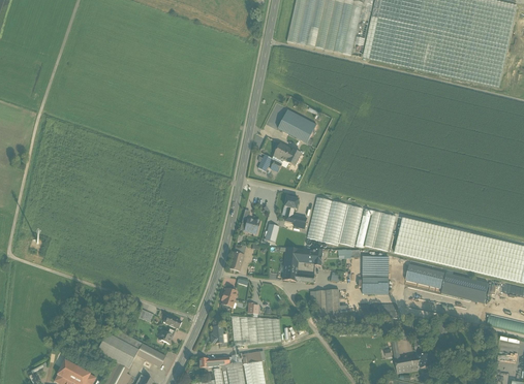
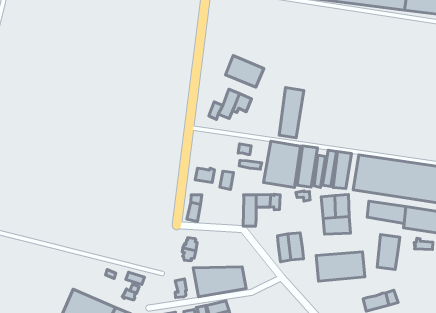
building: none -> [279,88,304,138]
building: none -> [377,235,400,270]
building: none -> [316,252,365,281]

